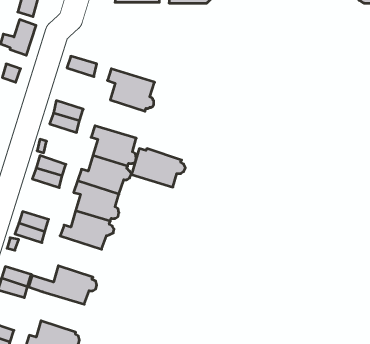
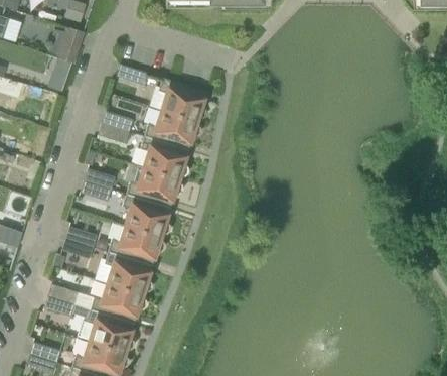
building: [131,149,185,187] -> [145,110,201,150]
building: none -> [105,252,152,295]
building: none -> [87,310,134,353]

